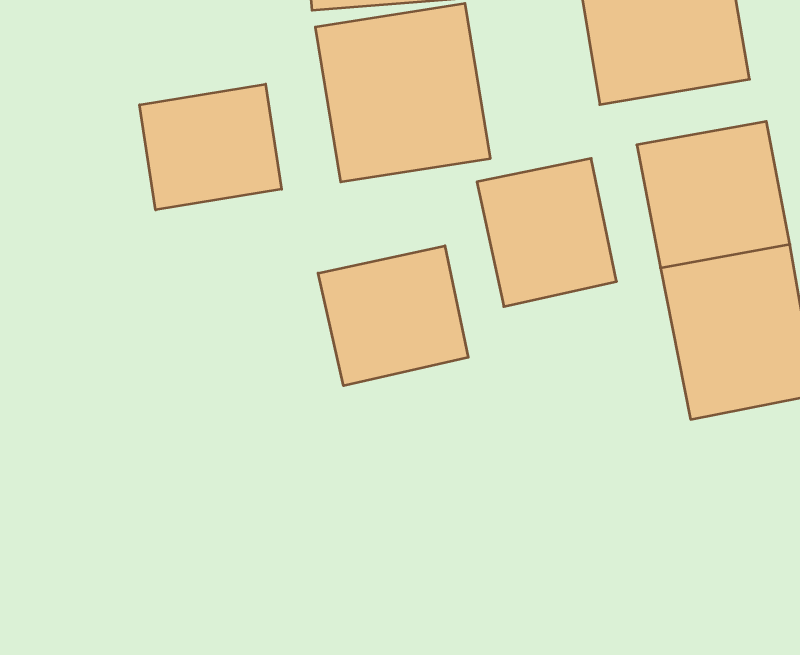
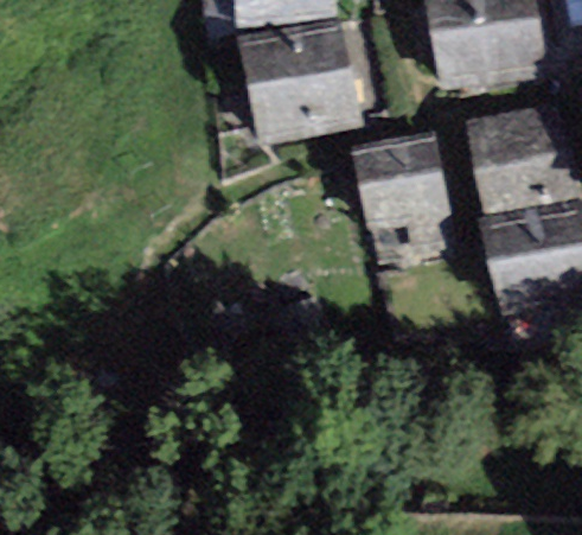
building: [140,84,282,210] -> none
building: [318,246,468,386] -> none

